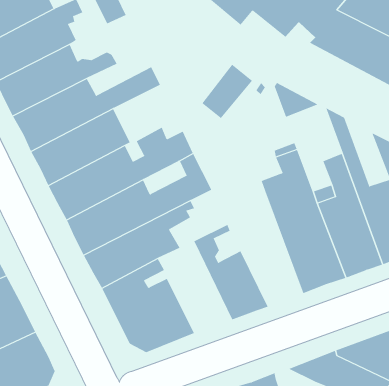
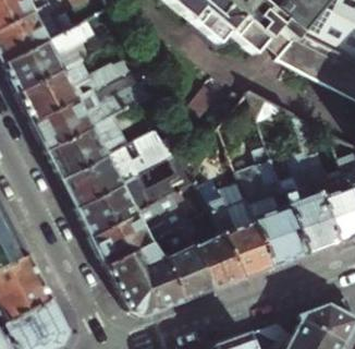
building: none -> [198,183,271,279]
building: none -> [151,225,212,301]

